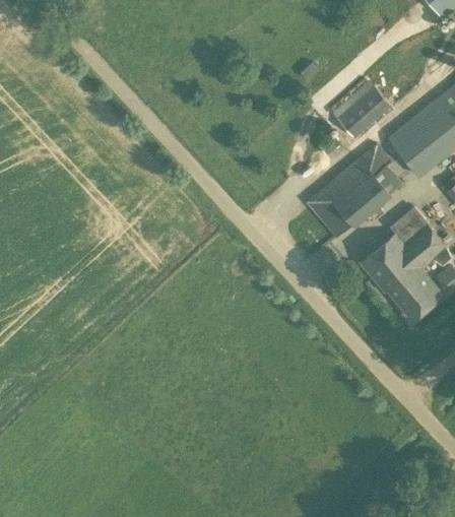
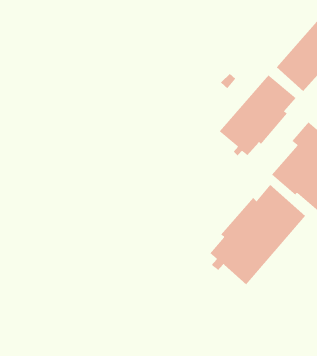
building: [337,86,395,142] -> none
building: none -> [210,184,306,285]

